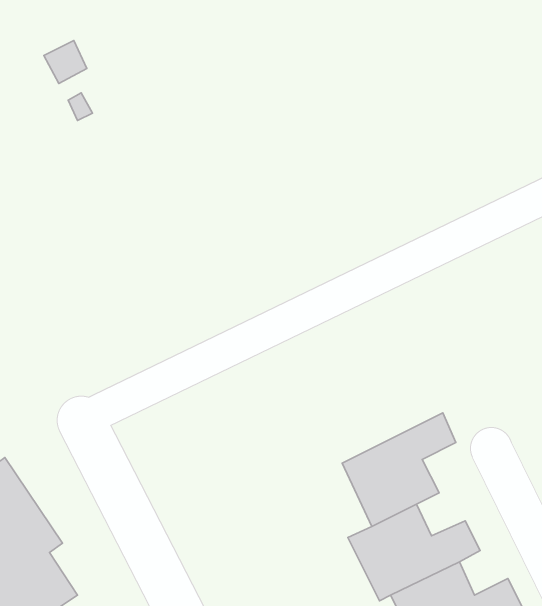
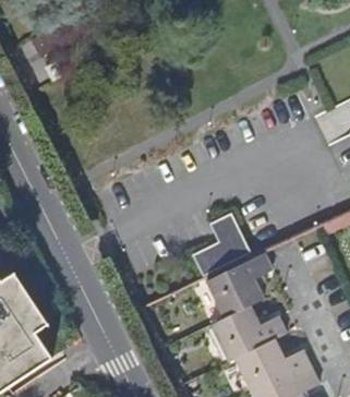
building: none -> [192,213,249,274]

